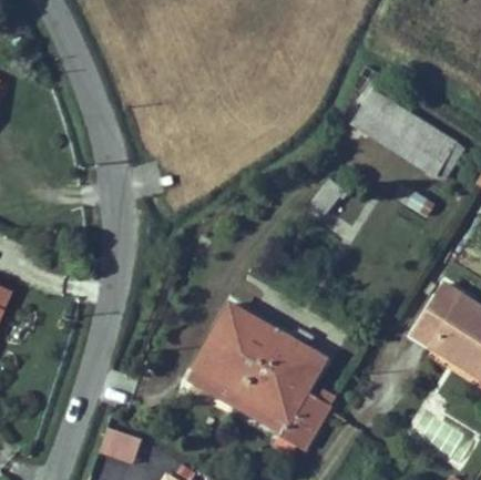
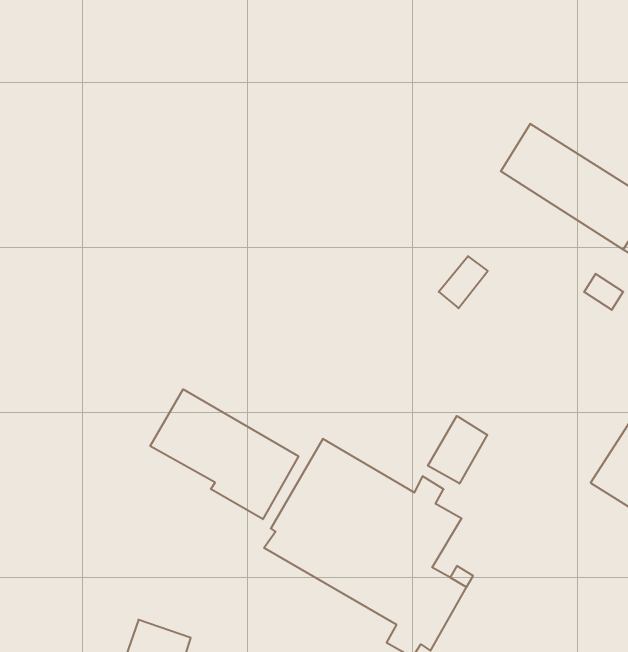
building: none -> [150,389,298,519]
building: none -> [428,416,487,484]

